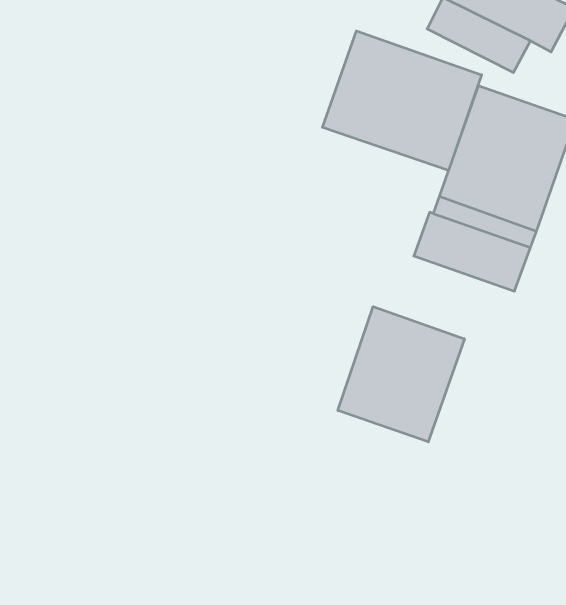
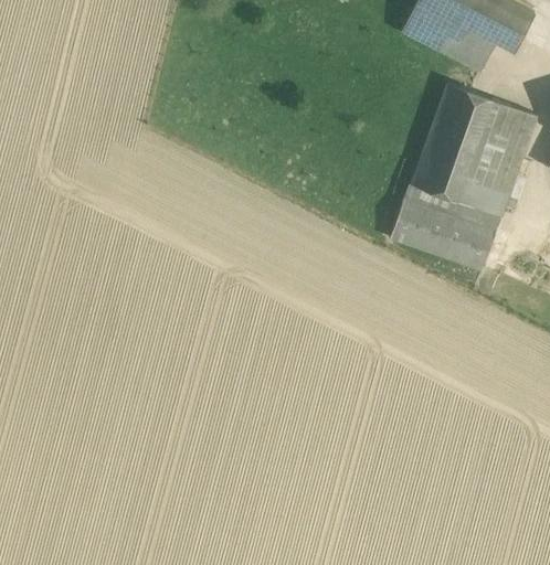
building: [322,31,482,170] -> none
building: [338,307,464,442] -> none

